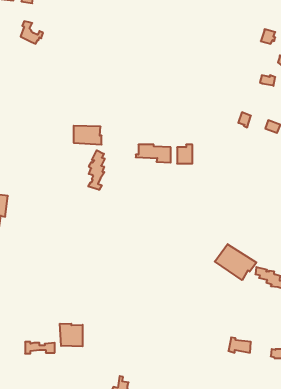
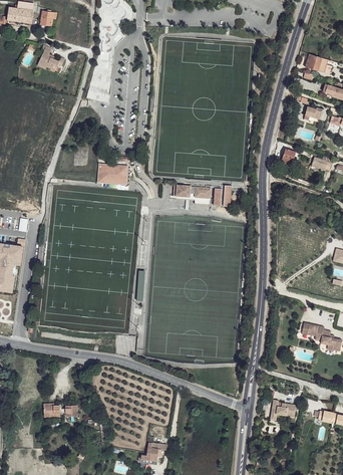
building: [88,150,105,190] -> none
building: [215,244,256,280] -> none
building: [60,324,83,346] -> none

